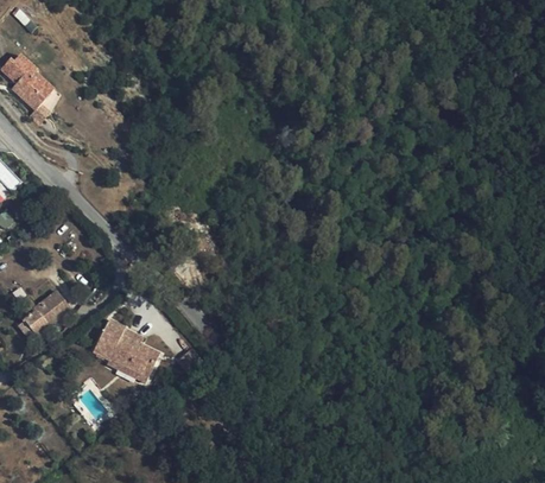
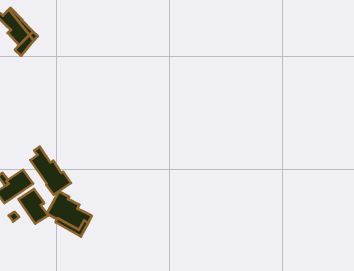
building: none -> [30,147,71,195]
building: none -> [19,189,48,224]

